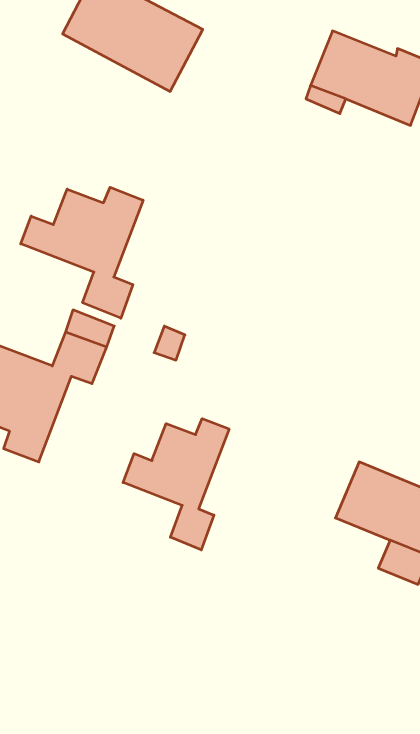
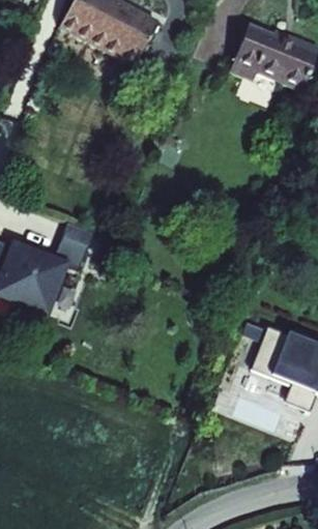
building: [21,187,143,318] -> none
building: [123,419,229,550] -> none

